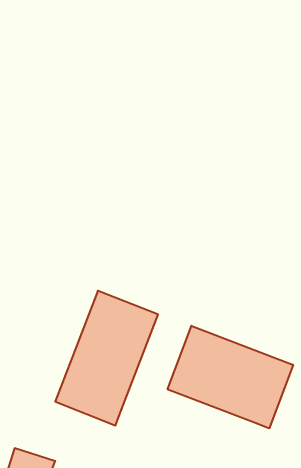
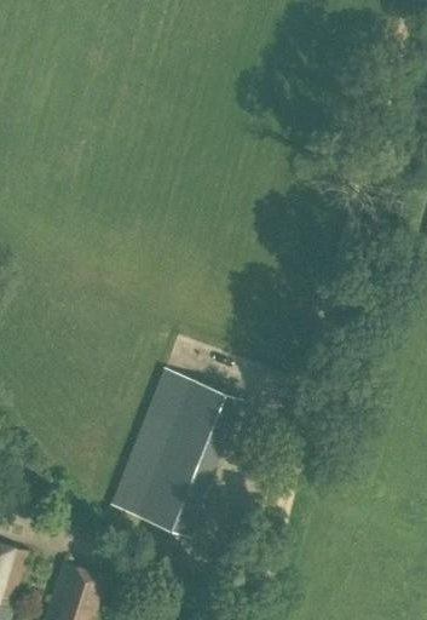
building: [168,326,293,428] -> none

